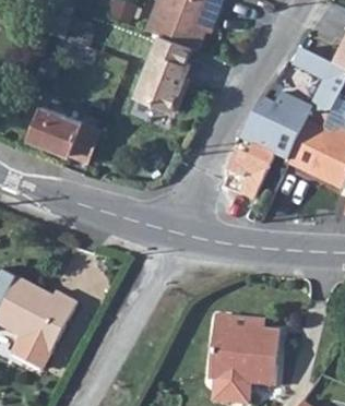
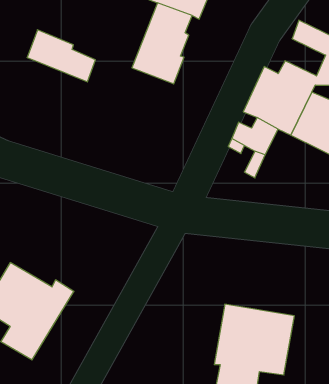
building: [32,105,96,154] -> [27,30,95,82]

